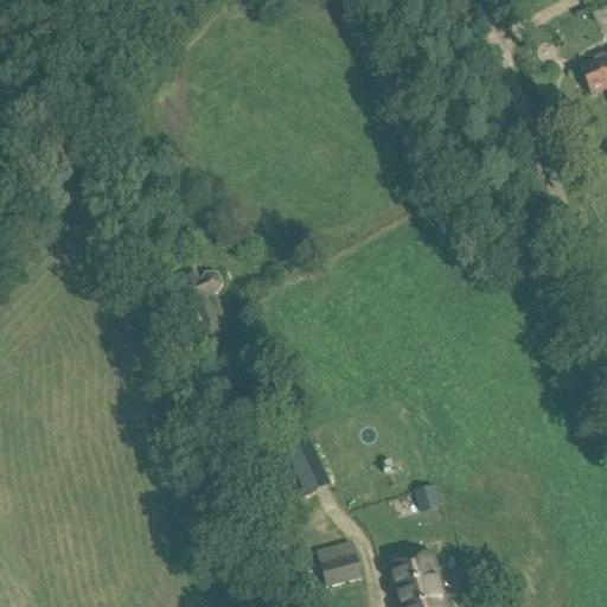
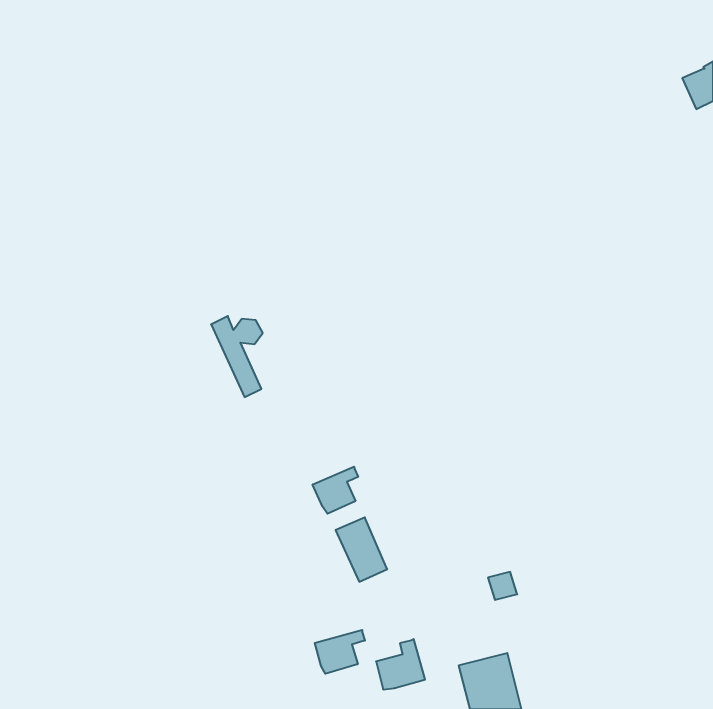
building: none -> [313,467,358,514]
building: none -> [315,630,365,674]

